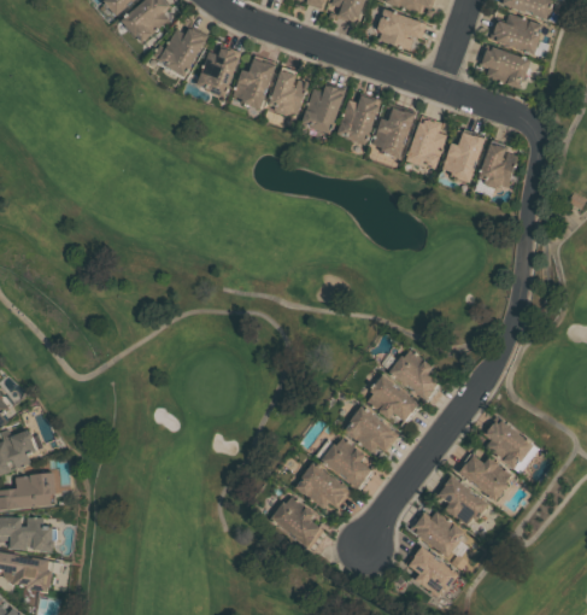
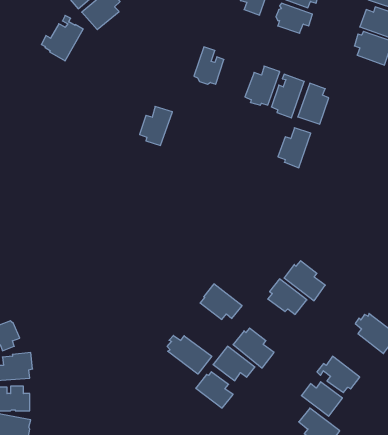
building: [153,17,209,77] -> [41,15,83,61]
building: [196,45,241,96] -> none
building: [233,57,276,109] -> [140,106,172,145]
building: [301,80,346,134] -> none
building: [441,130,485,183] -> [278,128,311,168]
building: [477,137,517,189] -> none
building: [344,405,399,452] -> [200,284,242,319]
building: none -> [167,335,212,374]
building: [457,452,511,500] -> none

